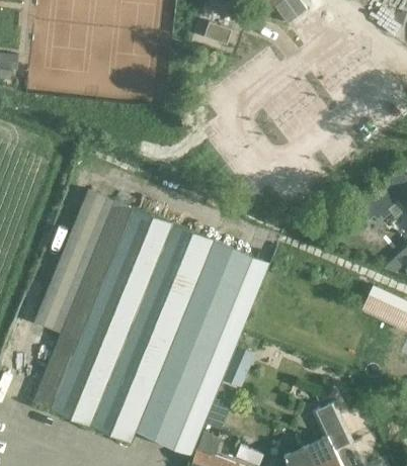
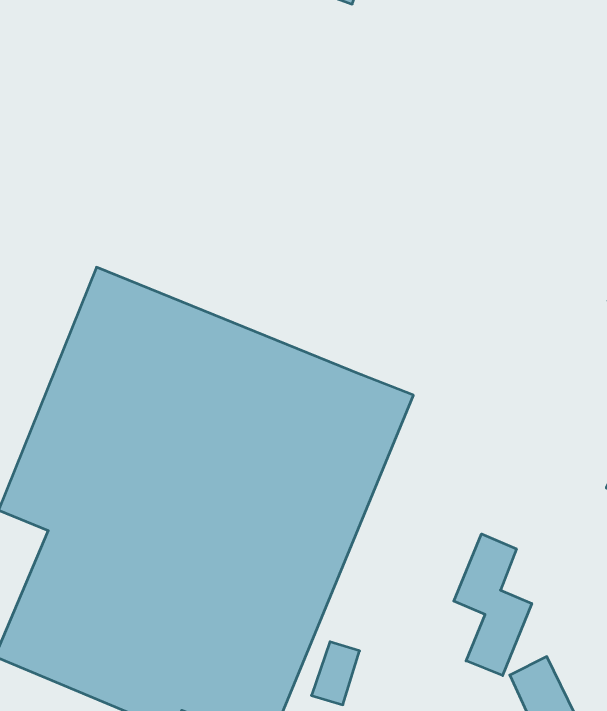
building: none -> [454,534,532,676]

